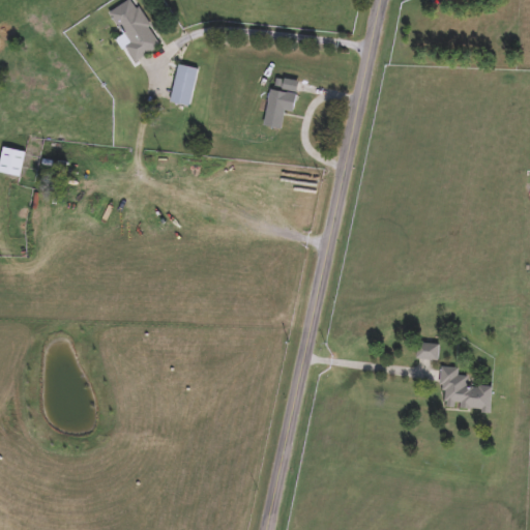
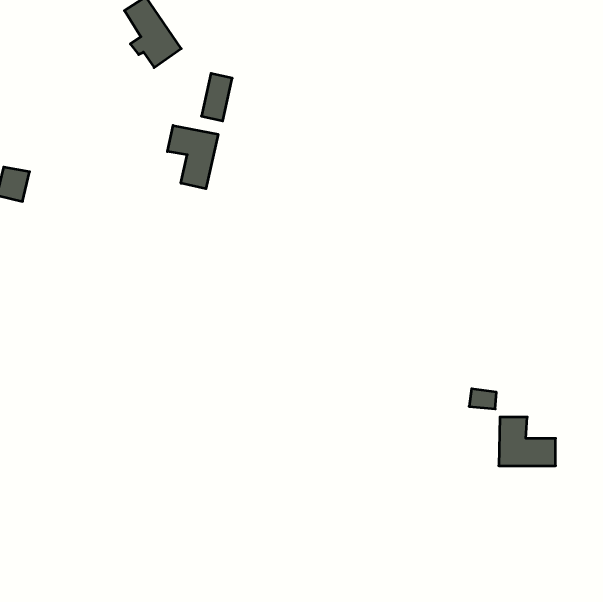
building: [265,77,300,128] -> none
building: none -> [167,125,218,189]

